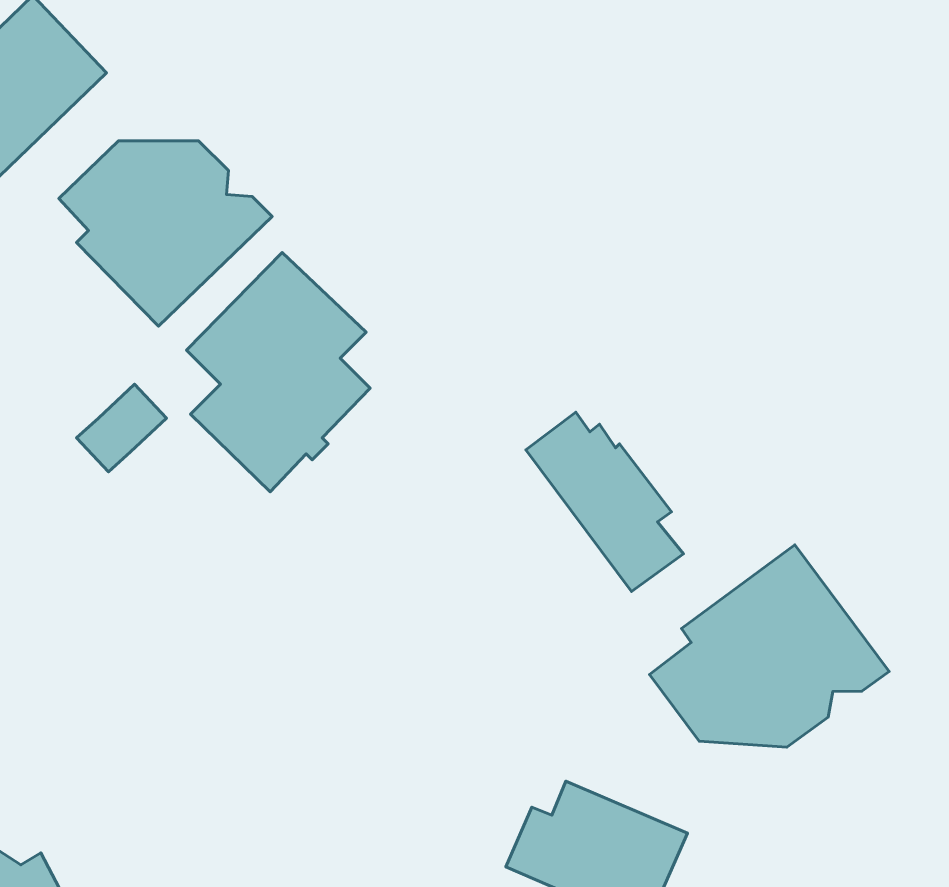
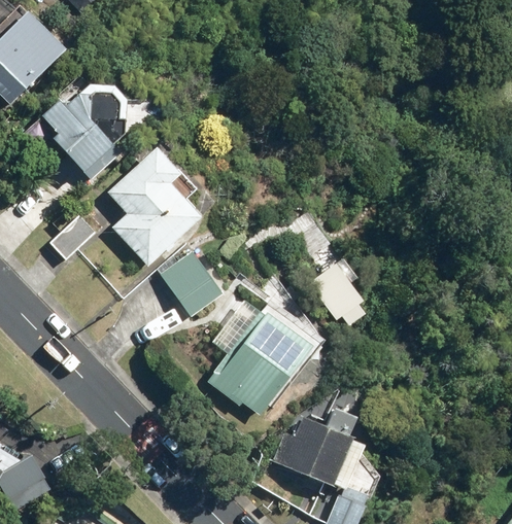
building: none -> [158,247,226,317]
building: [650,545,889,747] -> none
building: none -> [205,300,320,415]

